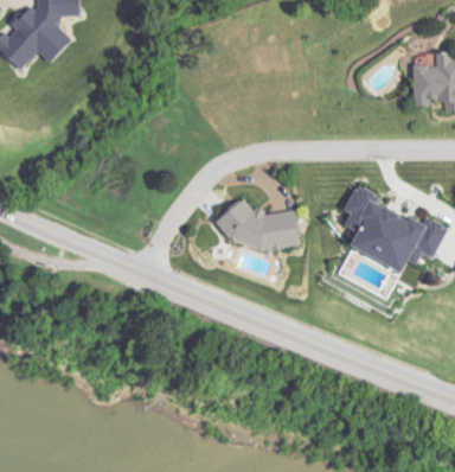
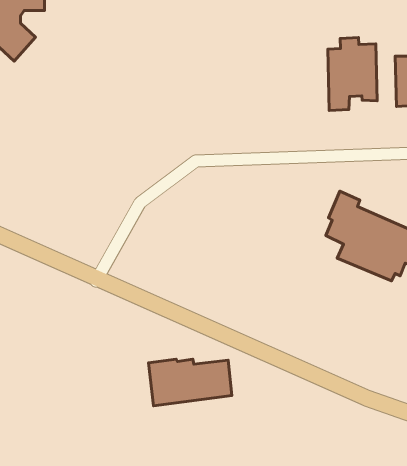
building: none -> [328,37,377,111]
building: [220,209,299,253] -> [149,359,232,406]

